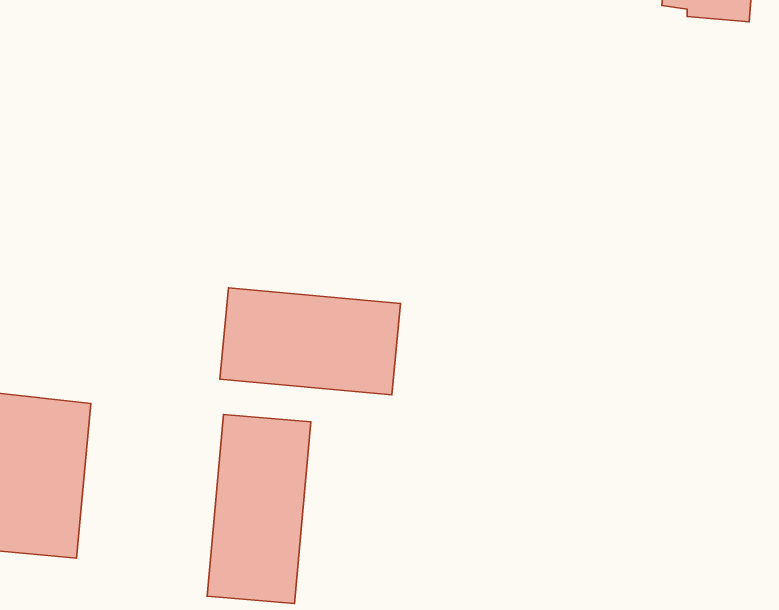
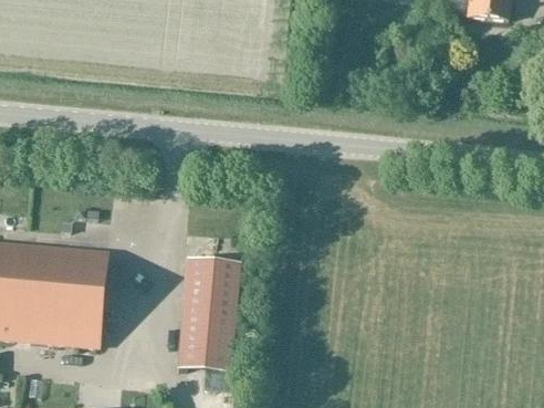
building: [220,288,401,395] -> none

